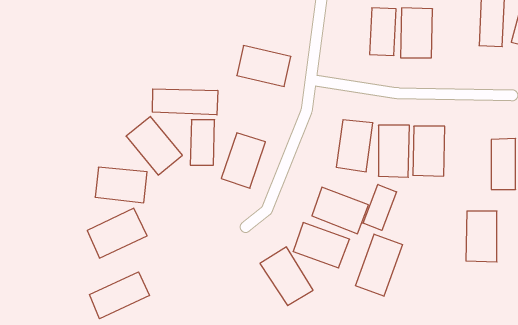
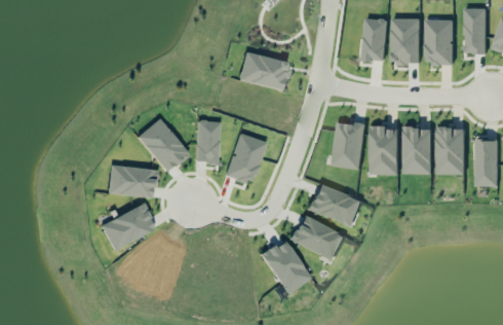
building: none -> [424,19,453,65]
building: [152,89,218,115] -> none
building: [363,184,397,230] -> none
building: [466,211,497,262] -> [435,128,464,175]
building: [356,234,402,296] -> none
building: [90,272,149,319] -> none

